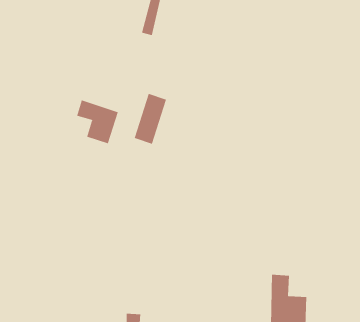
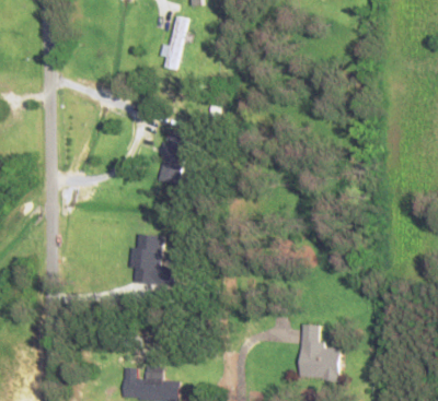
building: [77,99,119,144] -> none
building: none -> [130,232,174,285]

